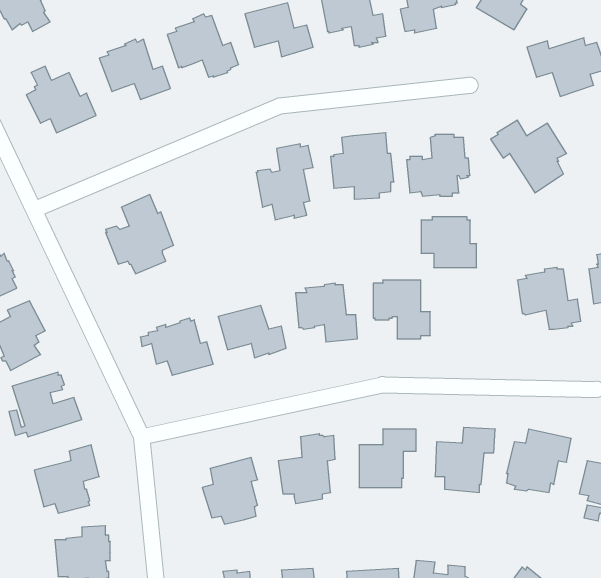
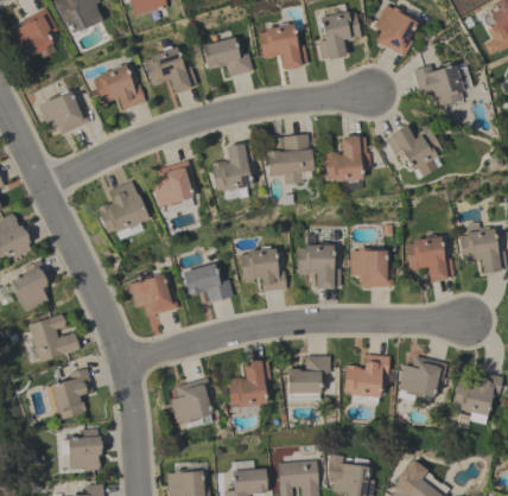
building: none -> [152,160,195,214]
building: [421,217,477,268] -> [350,248,392,286]

